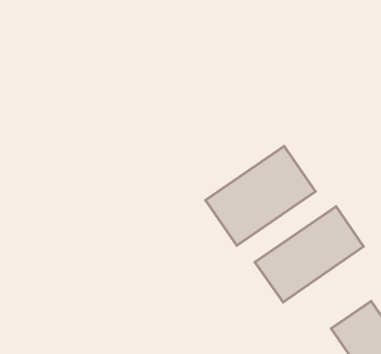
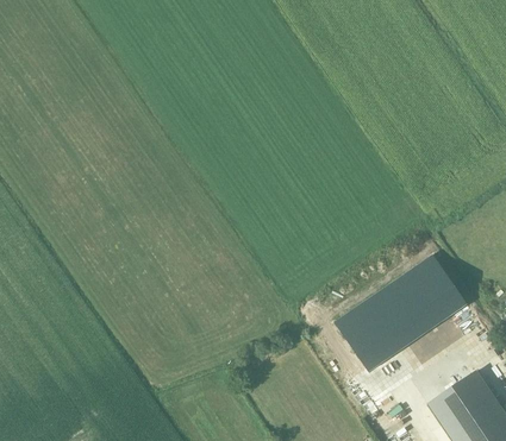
building: [205,146,315,245] -> none

